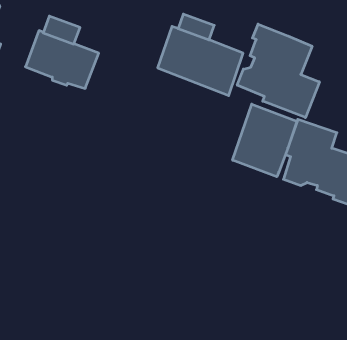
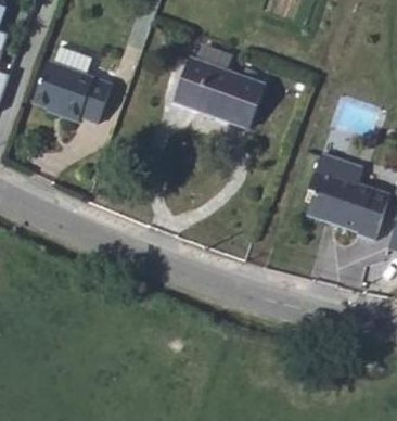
building: [237,24,319,118] -> none
building: [233,104,297,177] -> none

